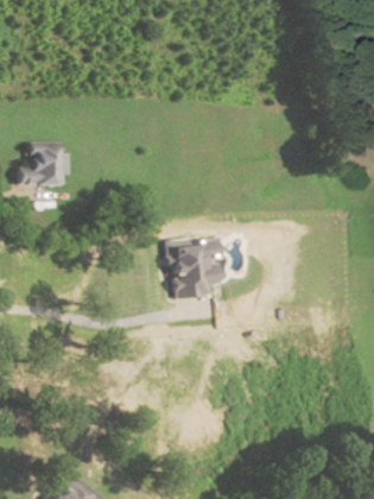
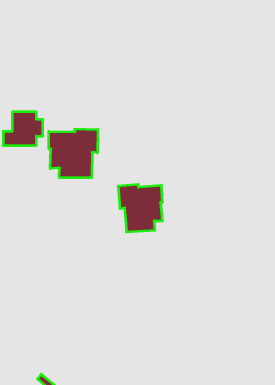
building: none -> [49,129,98,178]

